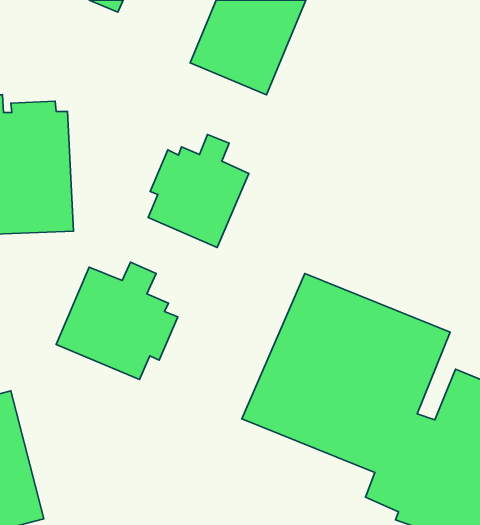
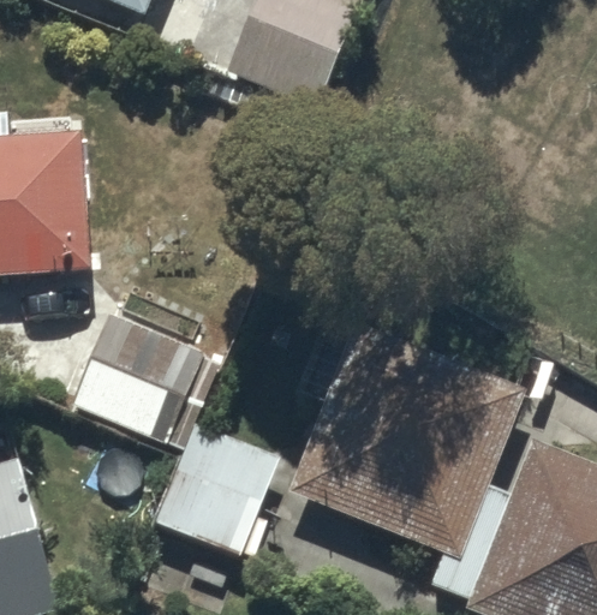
building: [148,134,249,247] -> none
building: none -> [151,405,289,557]

